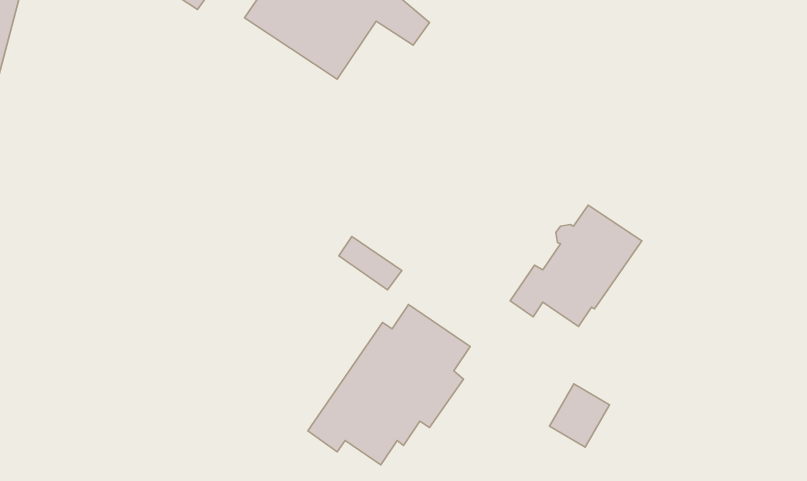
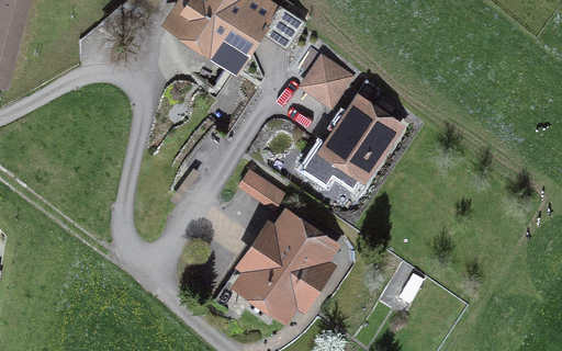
building: none -> [303,58,349,103]
building: [510,205,642,327] -> [306,102,395,184]

